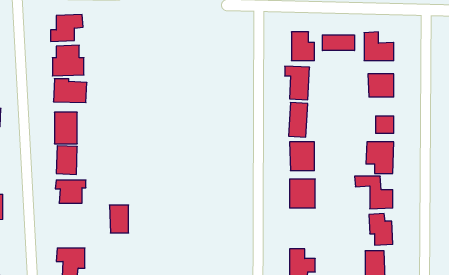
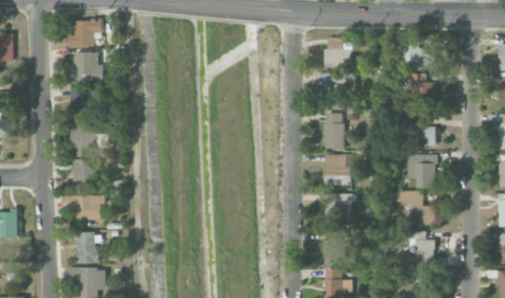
building: [322,35,354,51] -> none
building: [109,205,129,233] -> [77,232,97,261]
building: none -> [322,230,343,265]

